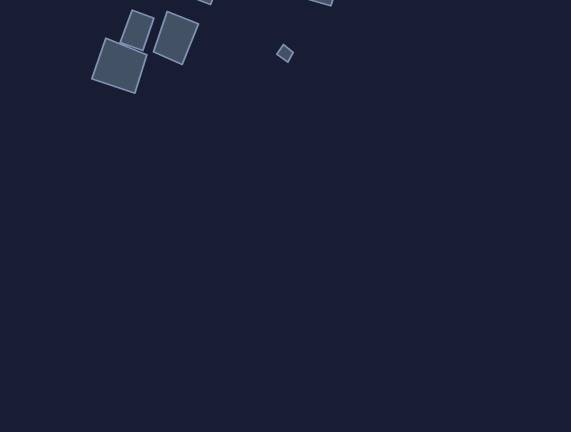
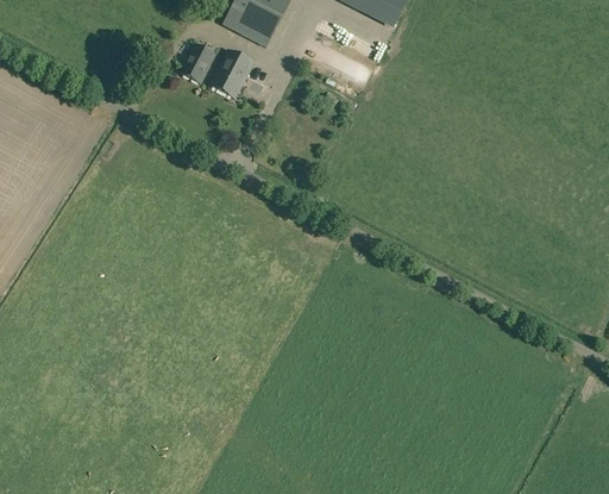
building: [92,38,147,93] -> none

